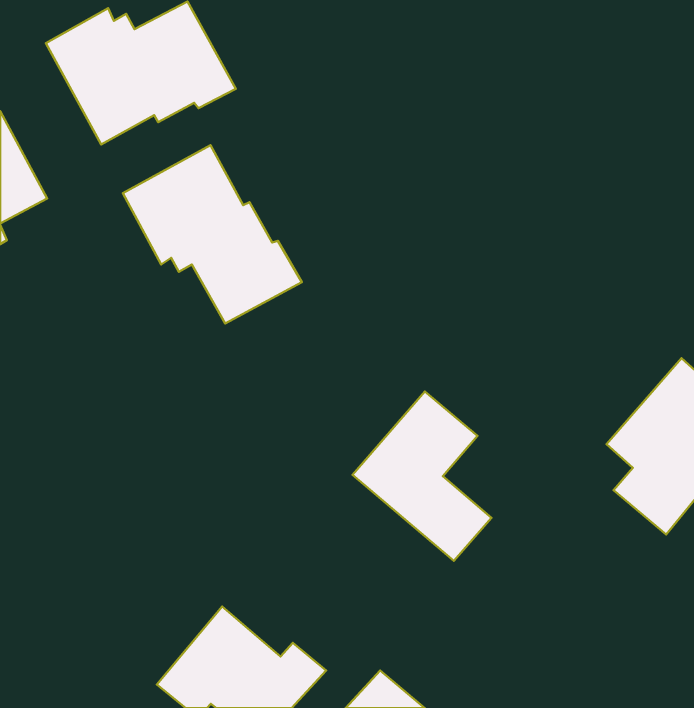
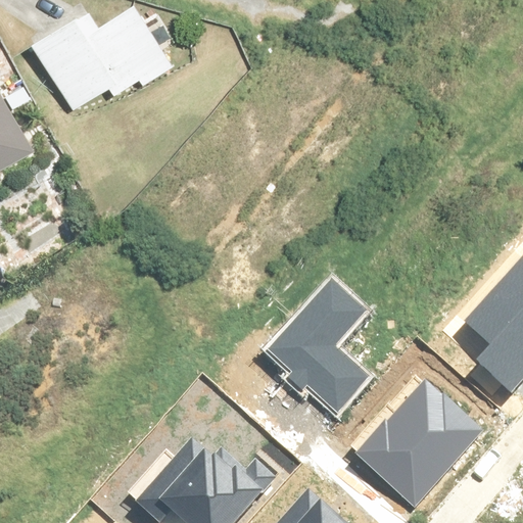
building: [123,145,302,323] -> none
building: none -> [352,384,477,511]

